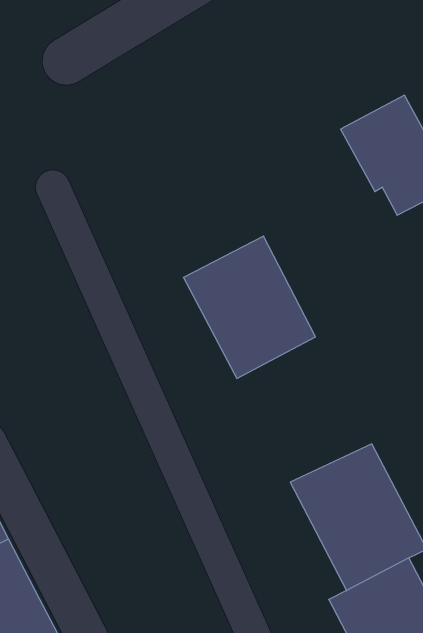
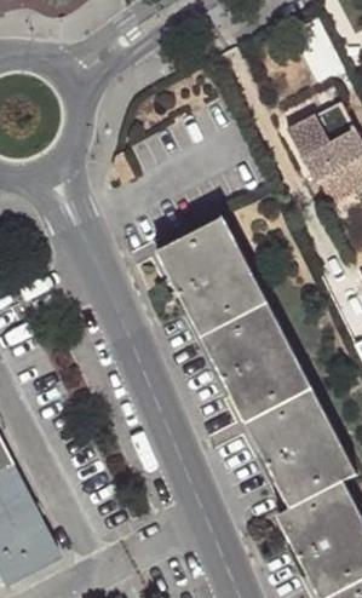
building: none -> [201,299,311,418]

